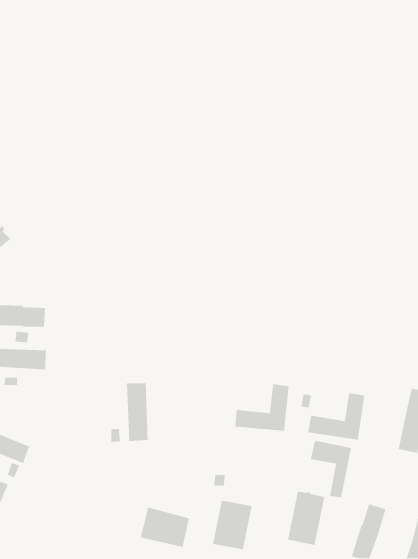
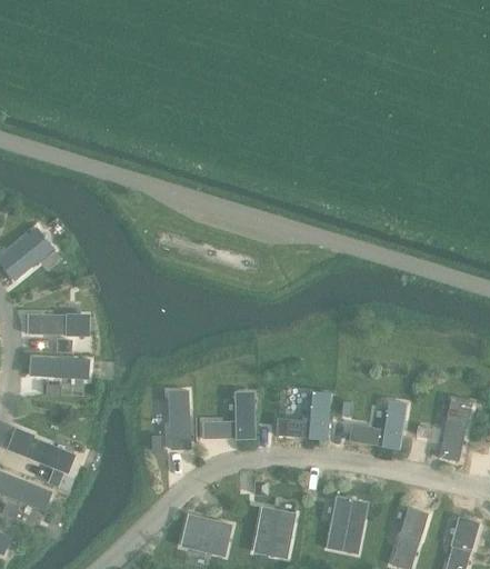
building: none -> [202,391,254,438]
building: [310,440,352,498] -> none

